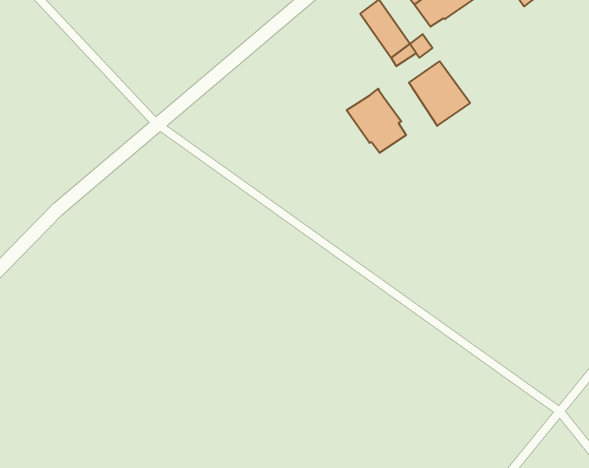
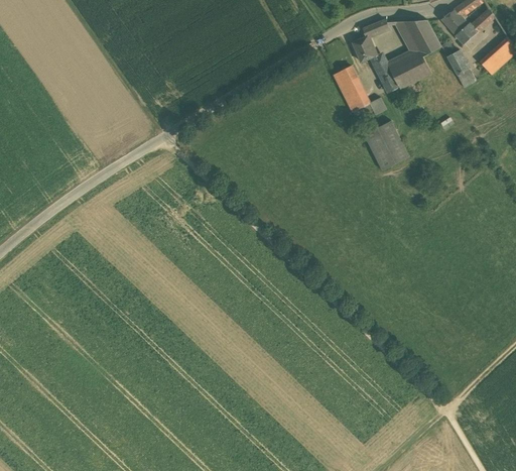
building: [347,89,406,153] -> none

